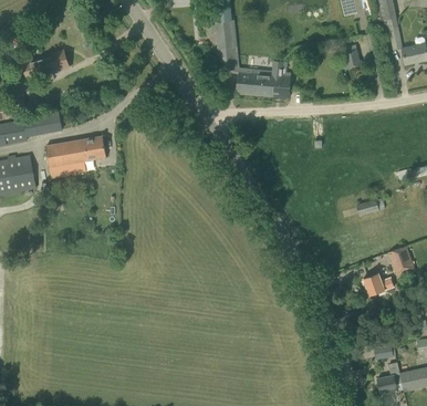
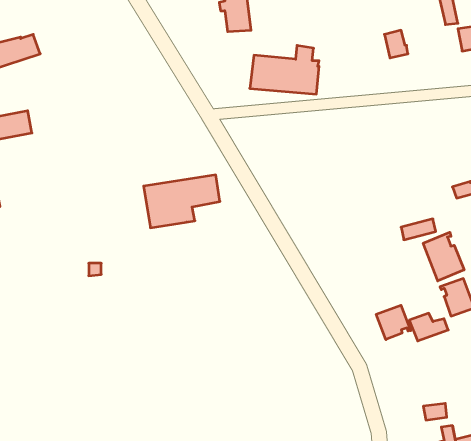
building: [45,136,106,178] -> [144,175,220,228]
building: none -> [423,232,464,281]
building: none -> [376,305,411,340]

